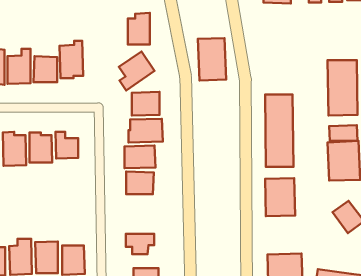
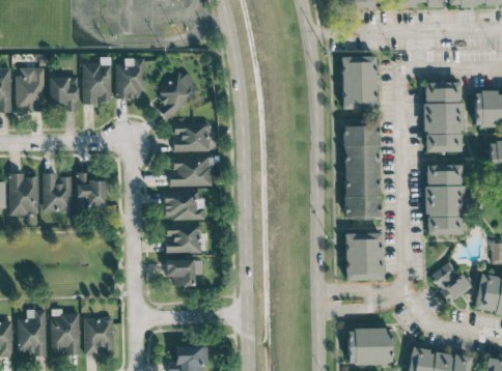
building: [128,13,150,45] -> [116,58,144,98]
building: [198,38,226,80] -> [341,56,378,110]
building: [126,234,154,254] -> [166,260,202,286]

